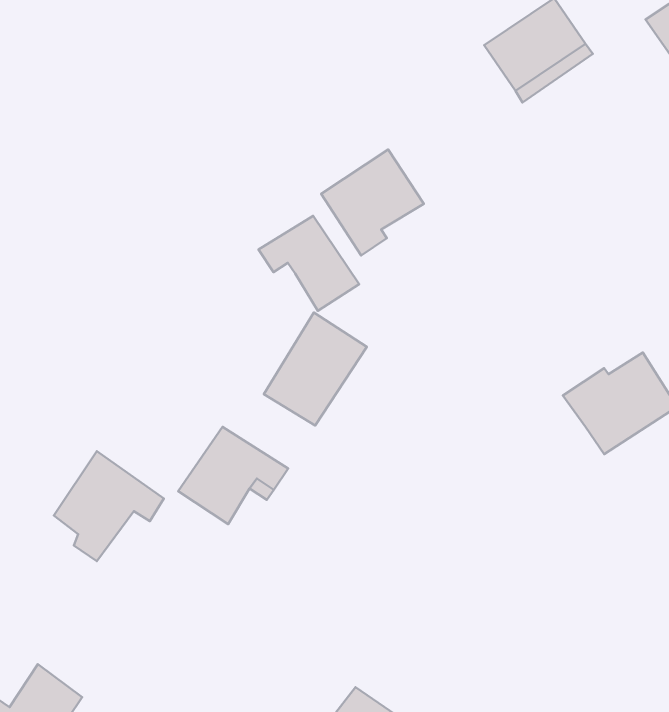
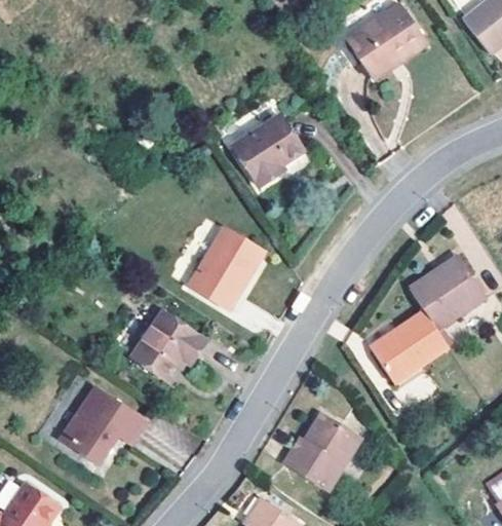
building: [259,216,359,311] -> none
building: none -> [370,310,446,384]
building: [54,451,164,561] -> [68,385,147,464]
building: none -> [289,414,366,490]

